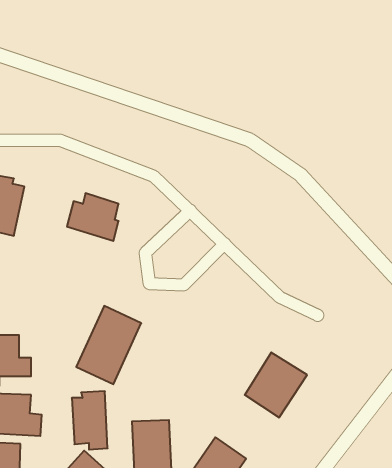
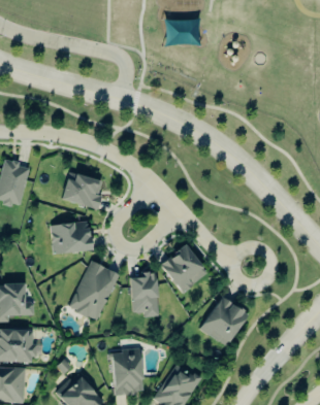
building: none -> [50,220,91,254]
building: none -> [159,244,207,292]
building: [72,391,108,450] -> [130,271,158,316]

